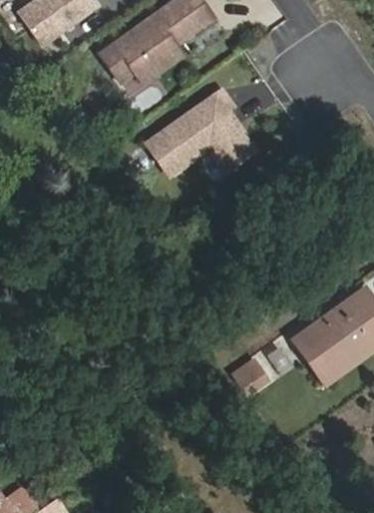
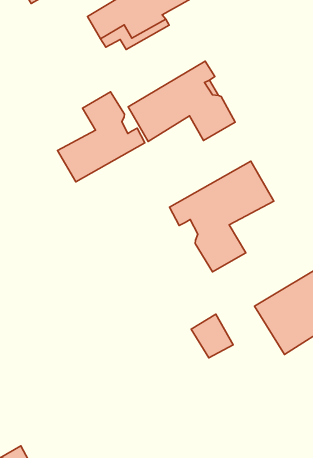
building: none -> [58,92,145,182]
building: none -> [169,161,274,272]

